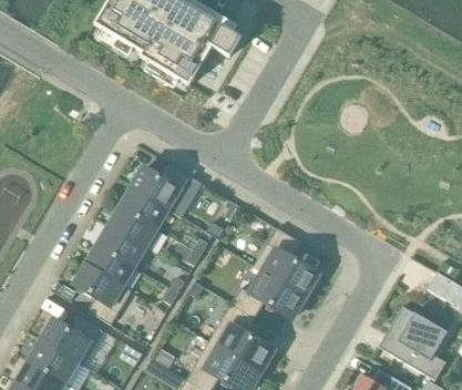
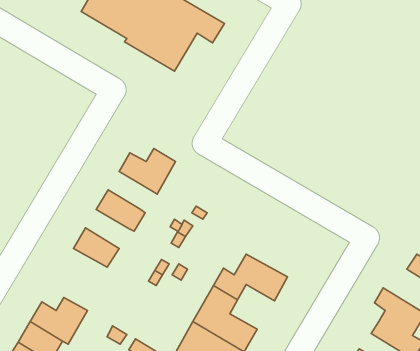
building: [123,186,167,225] -> none
building: [100,225,145,265] -> none
building: [255,226,319,294] -> none
building: [76,265,130,321] -> none

